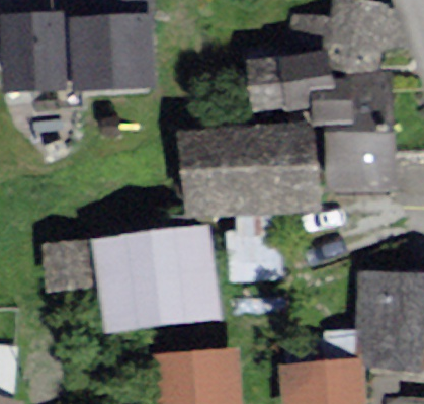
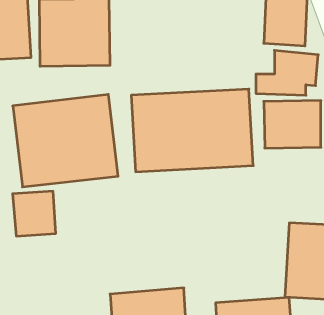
building: [253,53,329,115] -> none
building: [96,226,218,332] -> [13,94,118,187]

